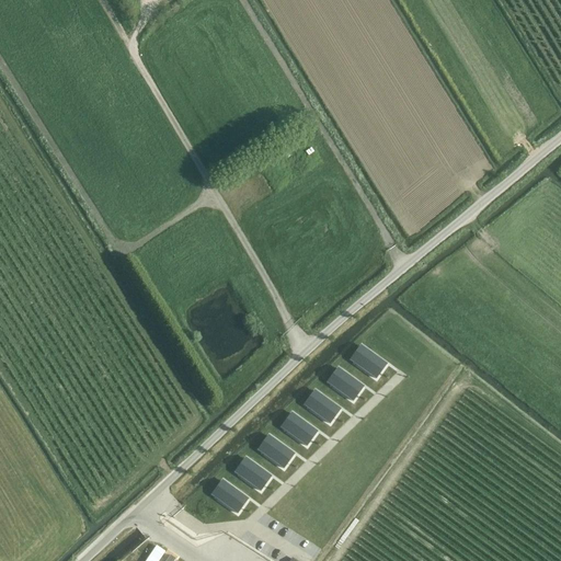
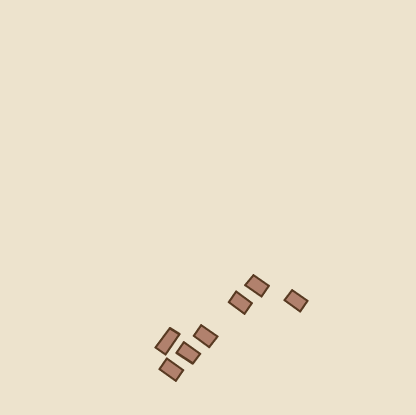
building: [353,346,383,375] -> [285,290,308,312]
building: [283,413,314,443] -> none
building: none -> [156,328,180,355]

